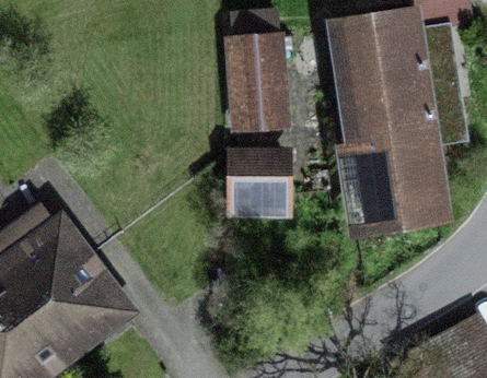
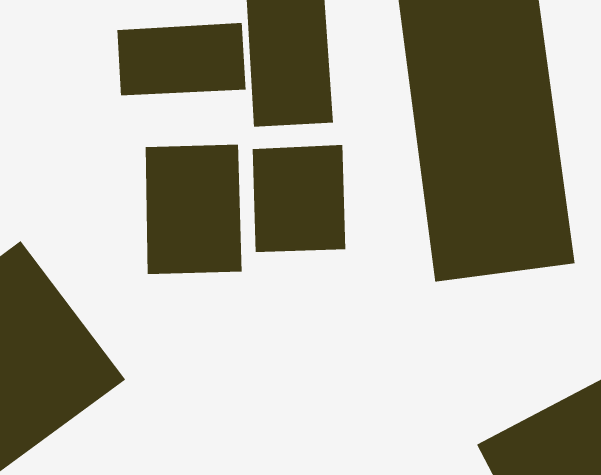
building: none -> [117,22,246,96]
building: none -> [145,144,242,275]

